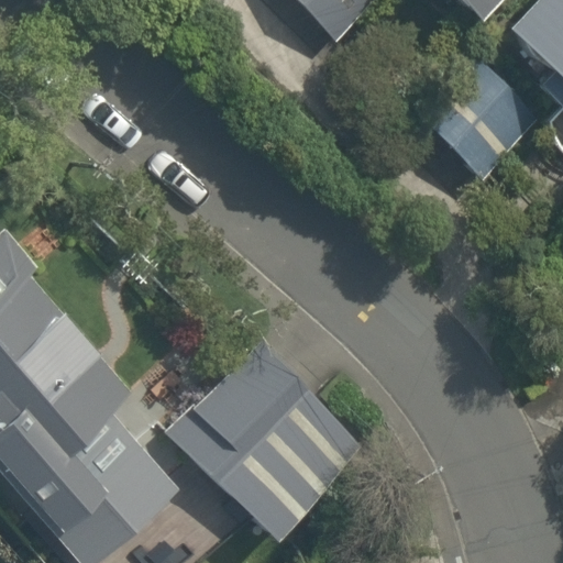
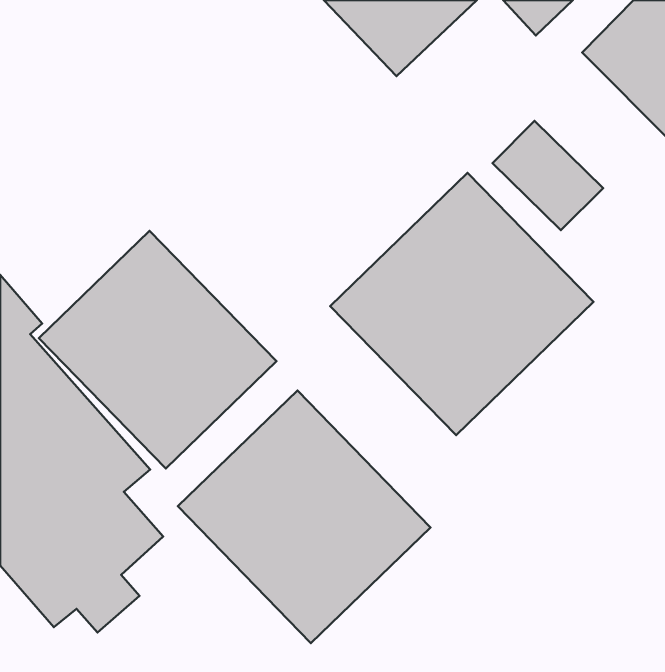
building: none -> [330,173,594,435]
building: none -> [39,231,277,469]

